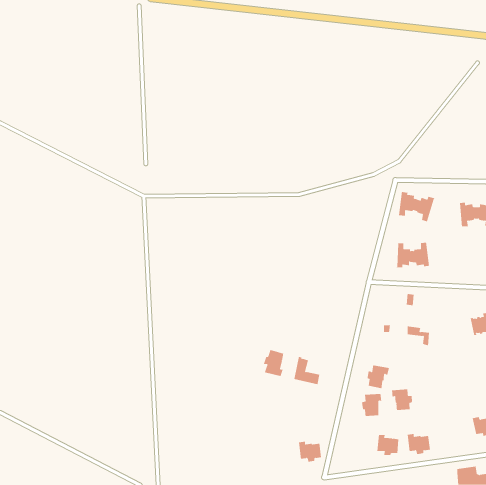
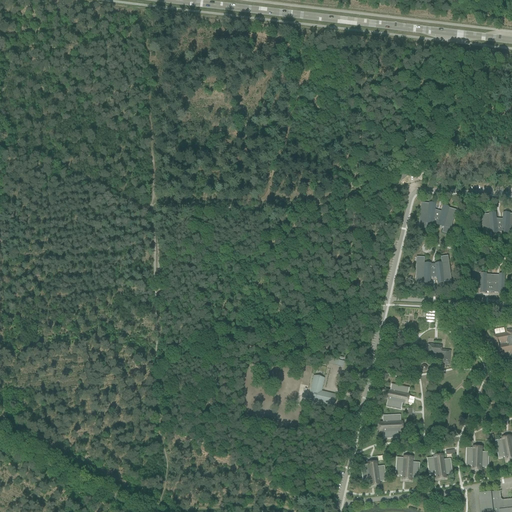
building: none -> [481,271,506,292]
building: [263,349,284,377] -> none
building: [392,389,413,411] -> none
building: none -> [467,446,490,468]
building: [298,441,322,462] -> [362,462,387,484]

